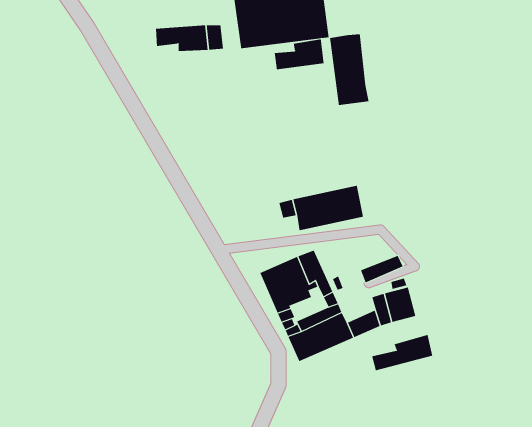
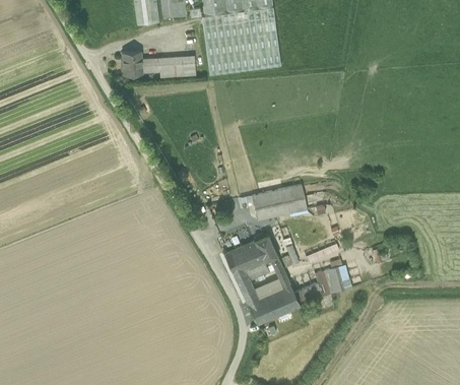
building: none -> [121,52,142,75]
building: [329,34,369,106] -> none
building: [274,38,324,70] -> none
building: [372,334,433,371] -> none

